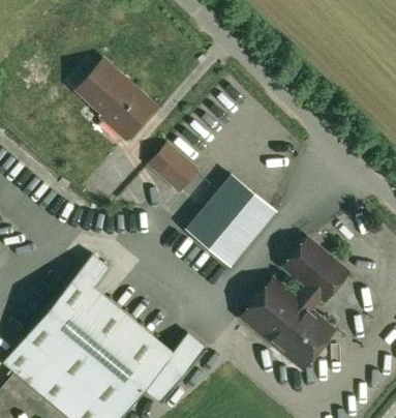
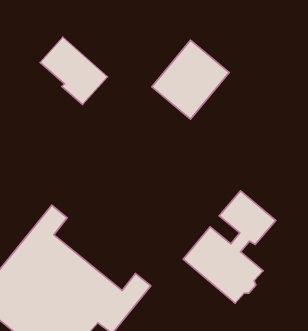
building: [150,145,196,189] -> none
building: [186,175,275,266] -> [152,40,229,119]

